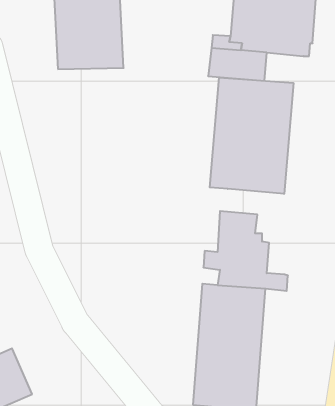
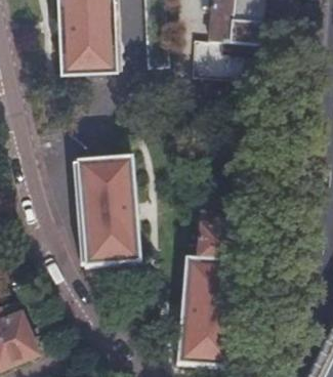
building: [210,77,293,194] -> none
building: none -> [75,156,138,264]

